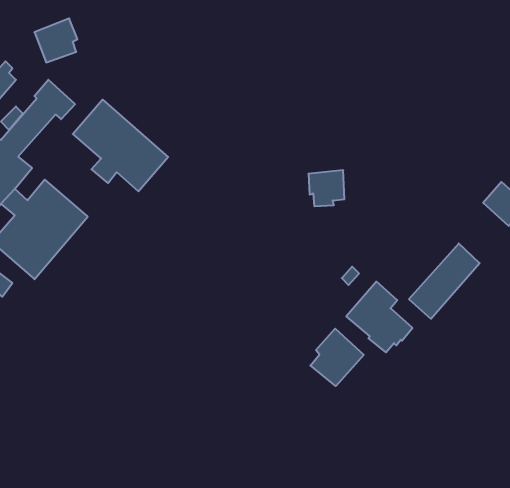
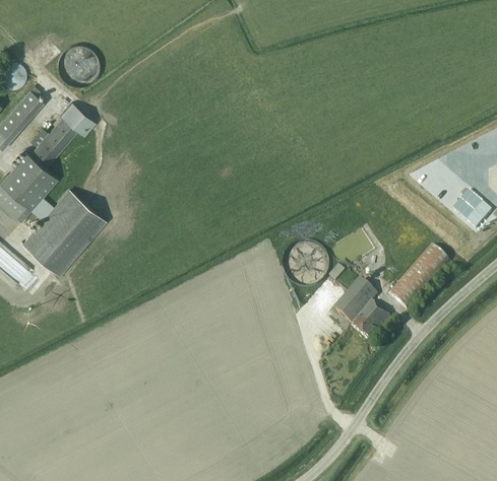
building: [73,100,168,191] -> none
building: [308,170,344,206] -> [295,242,326,273]
building: [310,329,364,386] -> none

